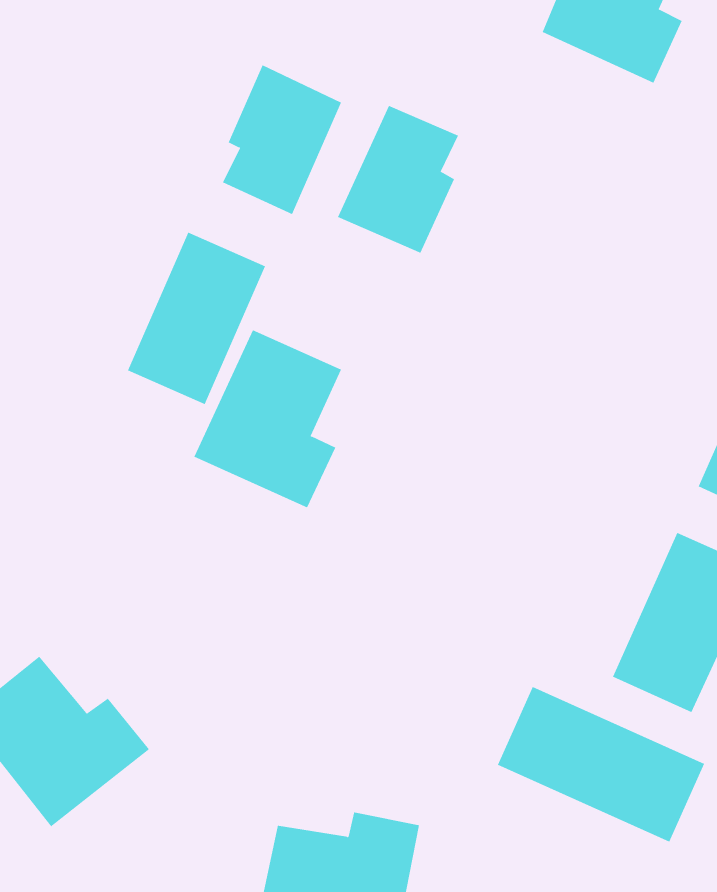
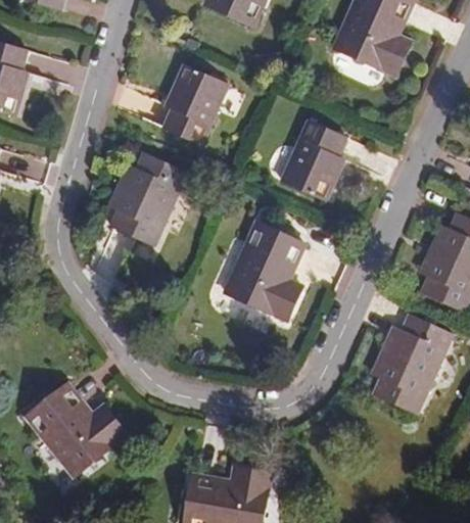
building: [337,105,459,253] -> [280,120,345,199]
building: [193,329,342,508] -> [224,223,303,319]
building: [497,686,705,842] -> none

